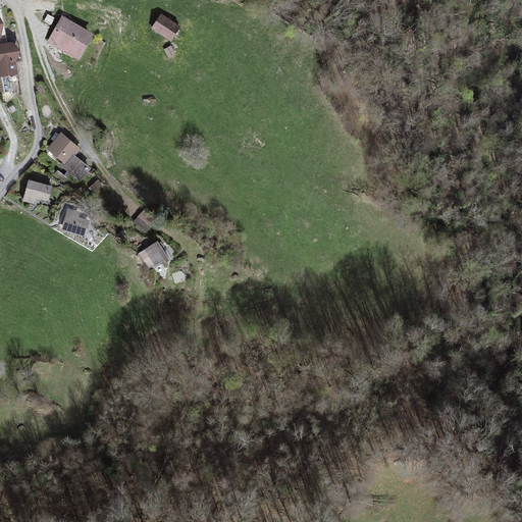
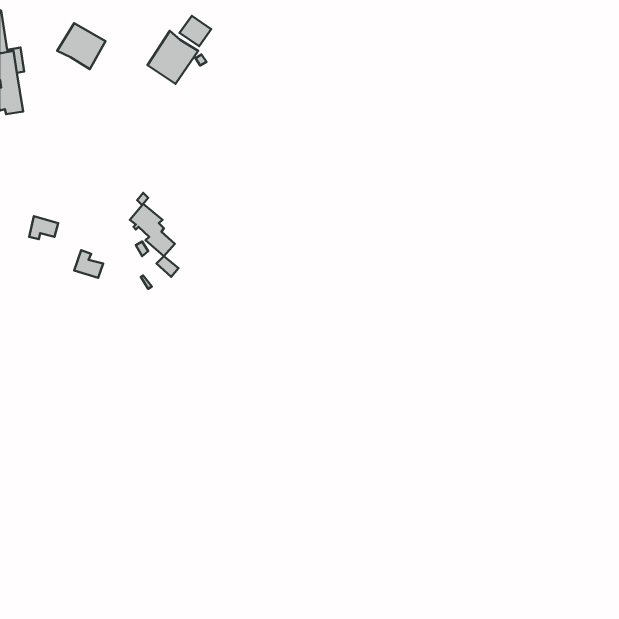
building: none -> [147,31,198,84]
building: [49,125,87,178] -> [130,193,175,256]
building: [138,241,168,270] -> none

